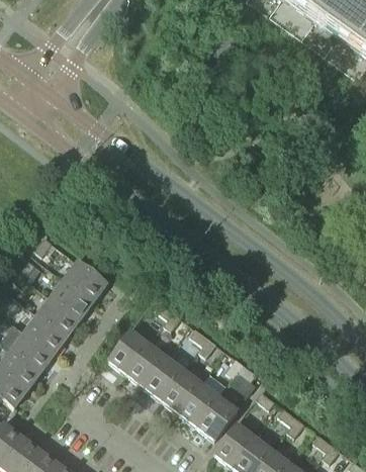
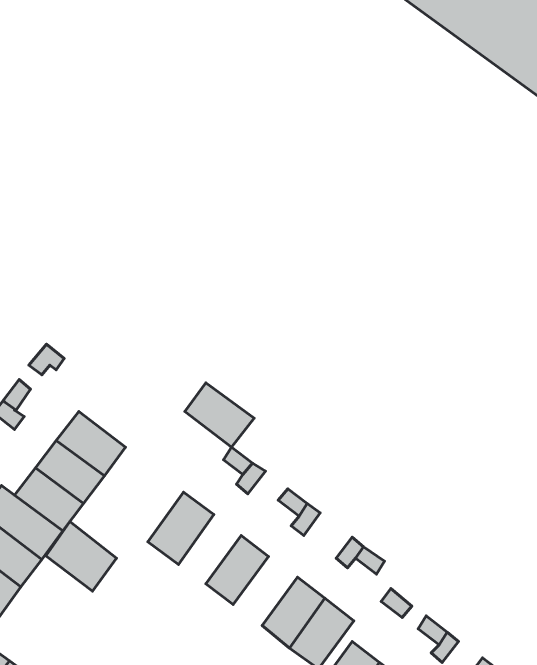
building: [66,260,109,300] -> [185,383,254,447]
building: [128,343,168,386] -> none
building: none -> [46,521,116,591]
building: [163,369,203,412] -> none

